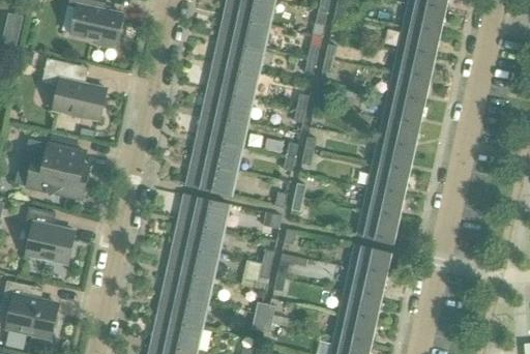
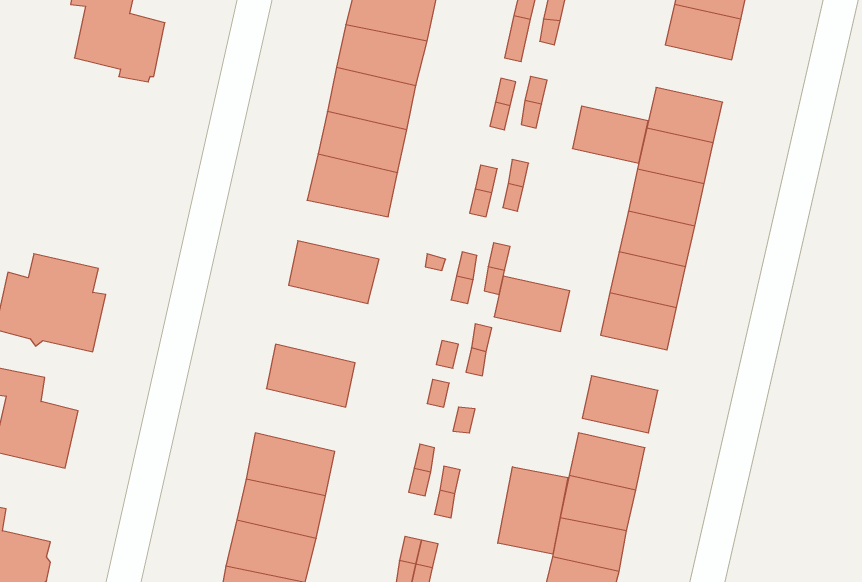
building: [398,27,440,59] -> [572,106,648,163]
building: [41,59,106,121] -> none
building: [197,114,247,147] -> none
building: [186,161,236,197] -> none
building: [361,189,404,220] -> [494,276,570,331]
building: [173,219,224,255] -> none
building: none -> [498,467,568,554]

